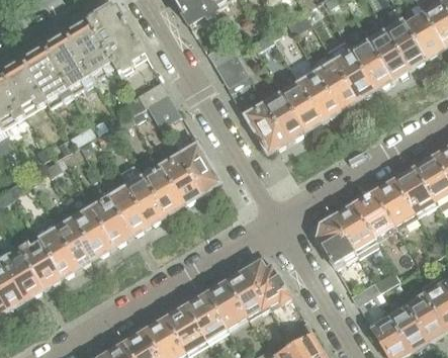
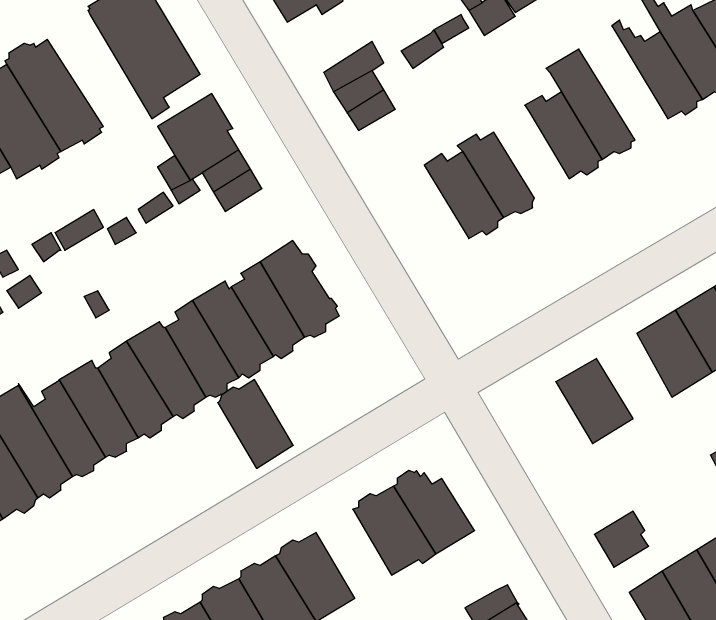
building: [65,23,120,82] -> none
building: [339,29,390,89] -> none
building: [297,74,339,119] -> none
building: [245,102,286,152] -> none
building: [353,190,392,235] -> none
building: [317,215,356,268] -> none
building: [206,282,246,329] -> [218,380,293,468]

